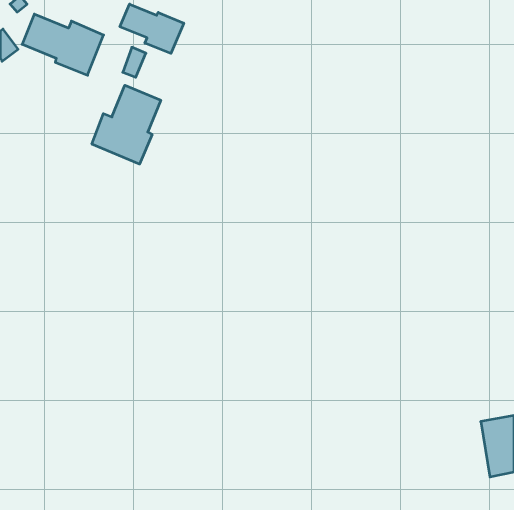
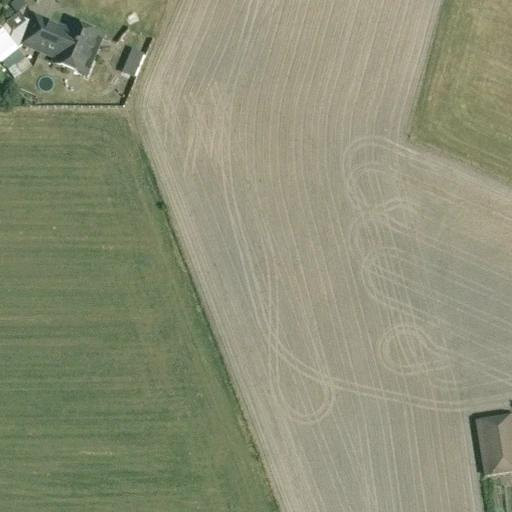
building: [120,4,184,53] -> none
building: [92,85,161,164] -> none

